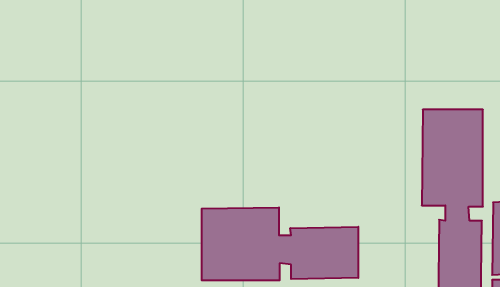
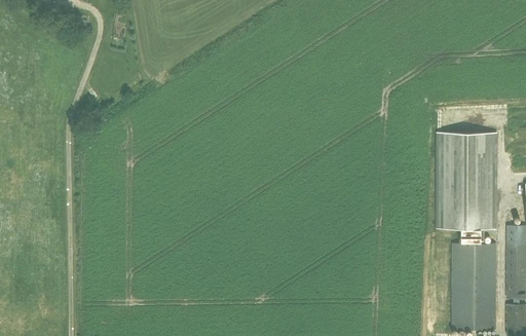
building: [202,207,358,280] -> none

